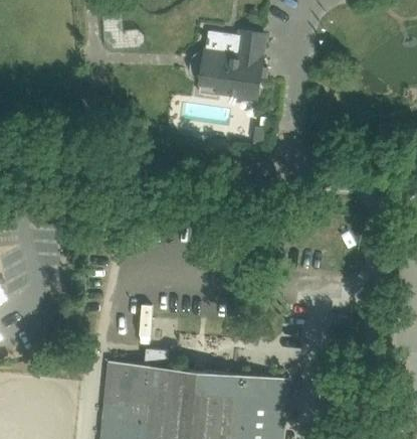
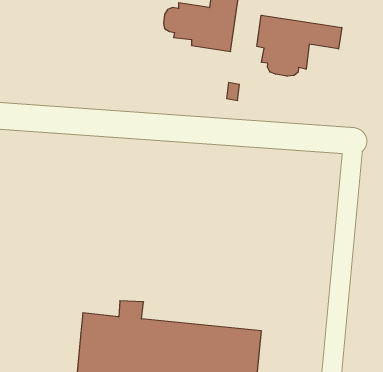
building: none -> [257,15,342,76]

